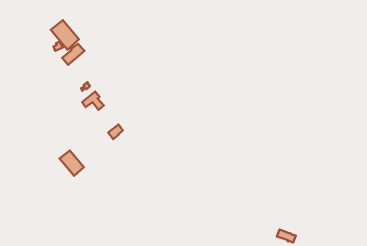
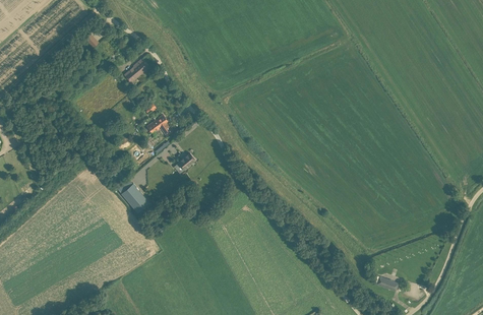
building: [51,20,79,50] -> none

